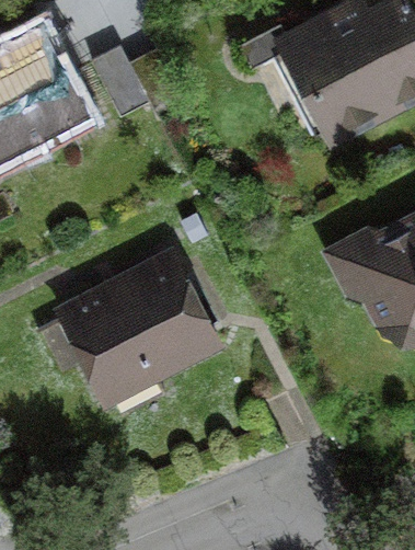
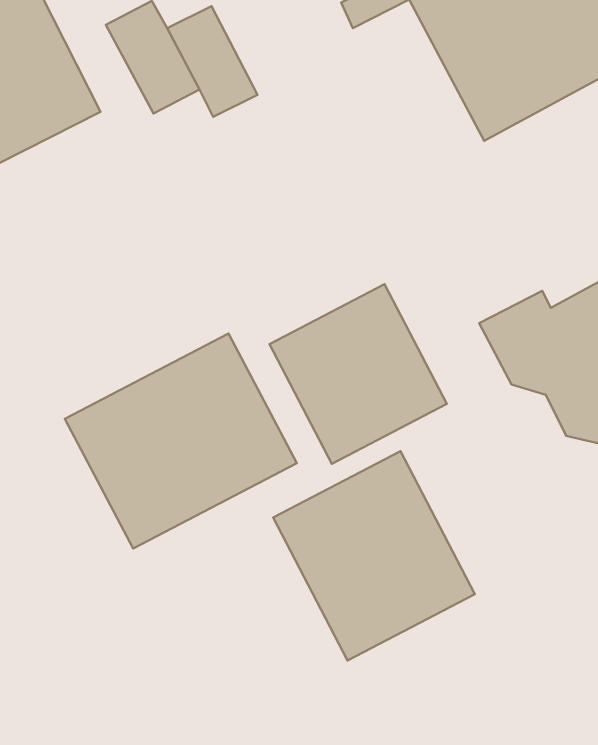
building: none -> [269,284,447,464]
building: none -> [273,451,475,660]

